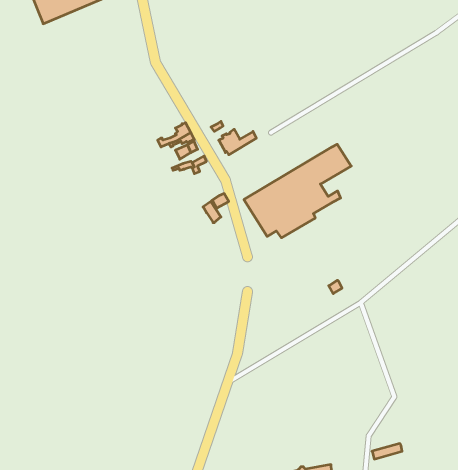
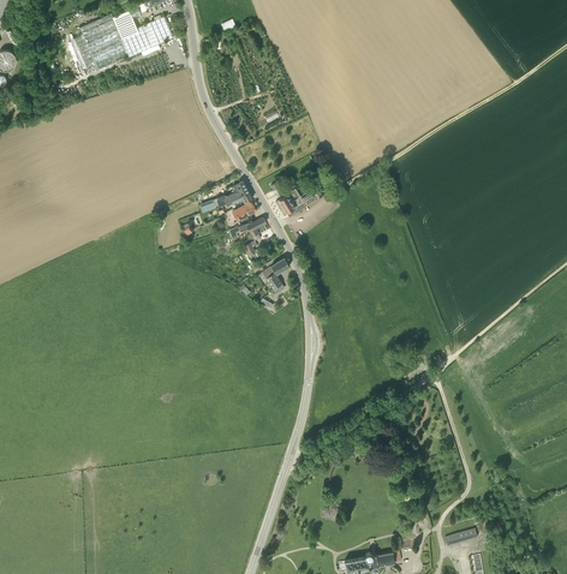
building: [244,144,351,238] -> none

